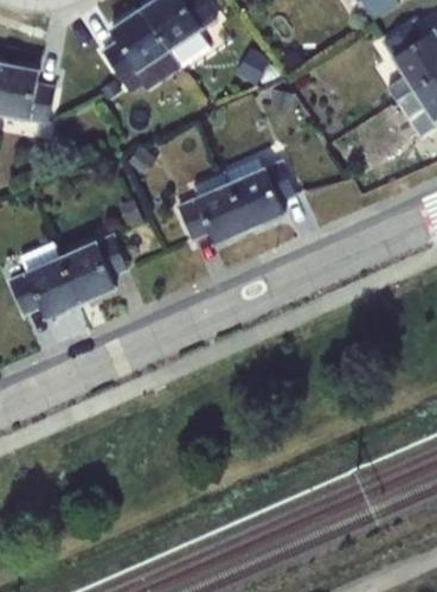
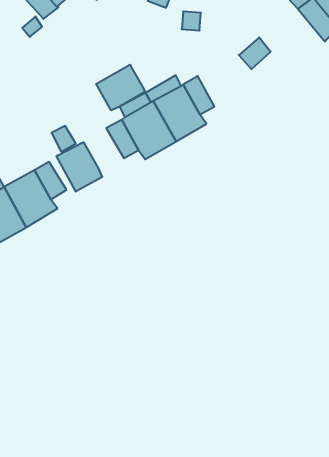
building: none -> [96,65,145,110]
building: none -> [56,142,102,192]

